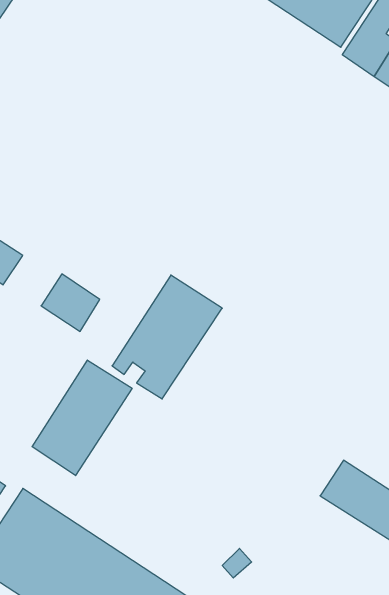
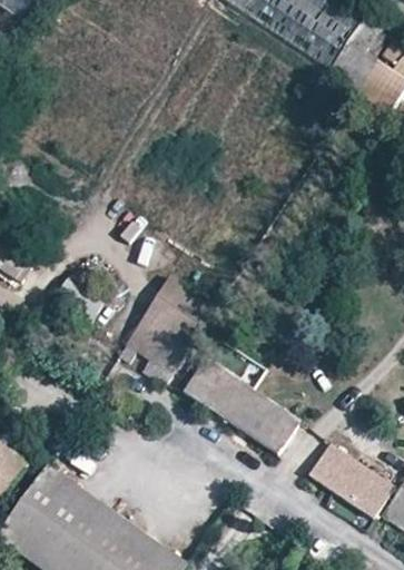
building: [32,360,132,476] -> none
building: none -> [184,355,299,451]

